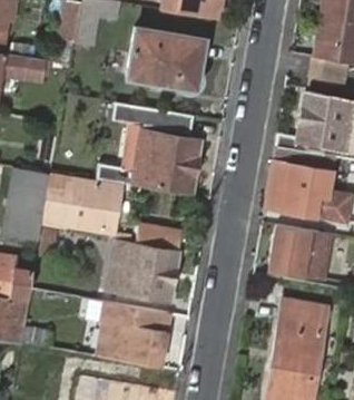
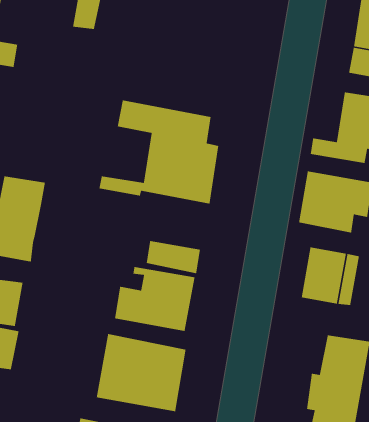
building: [127,28,204,90] -> none
building: [42,179,119,233] -> none

